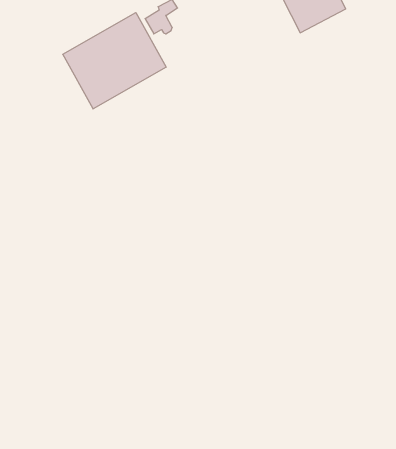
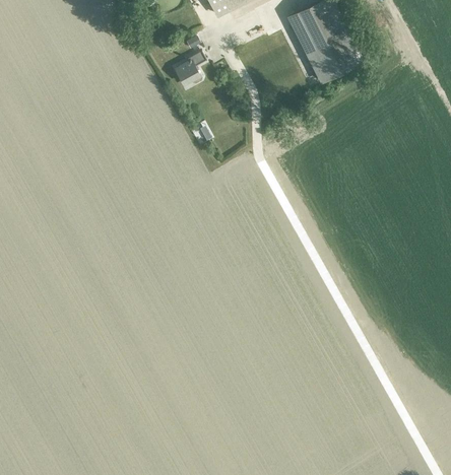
building: [63,13,166,109] -> none

